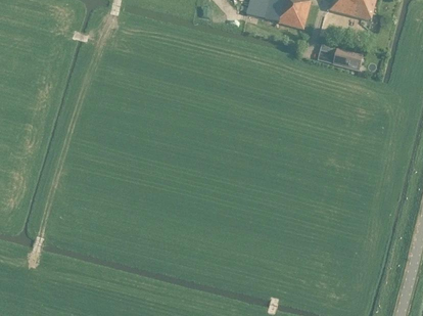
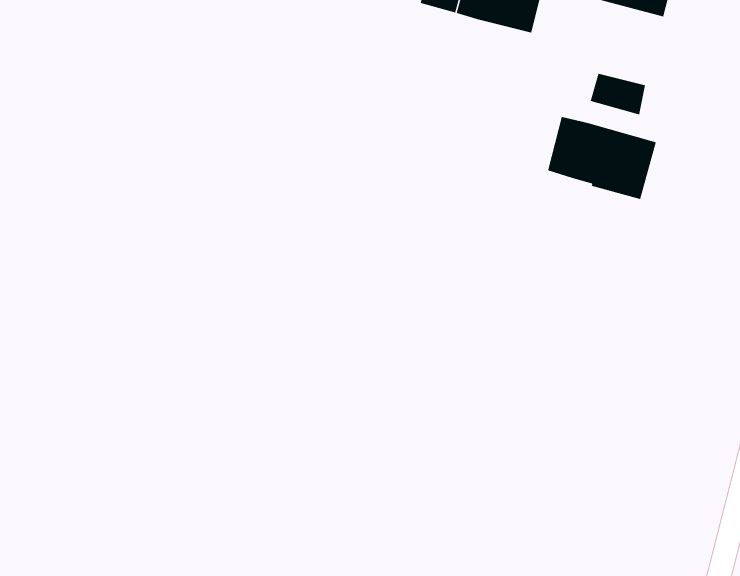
building: none -> [548,116,657,200]

